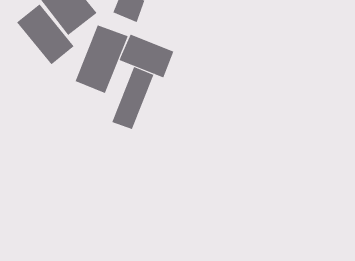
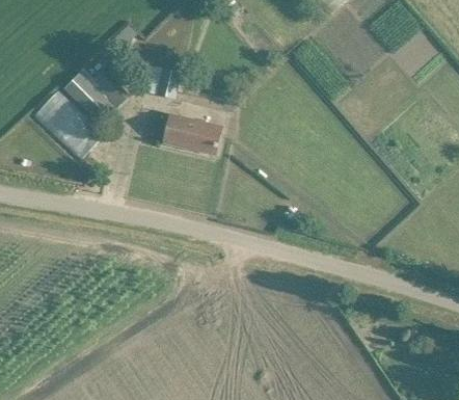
building: [75,25,128,94] -> none
building: [111,66,154,130] -> none

